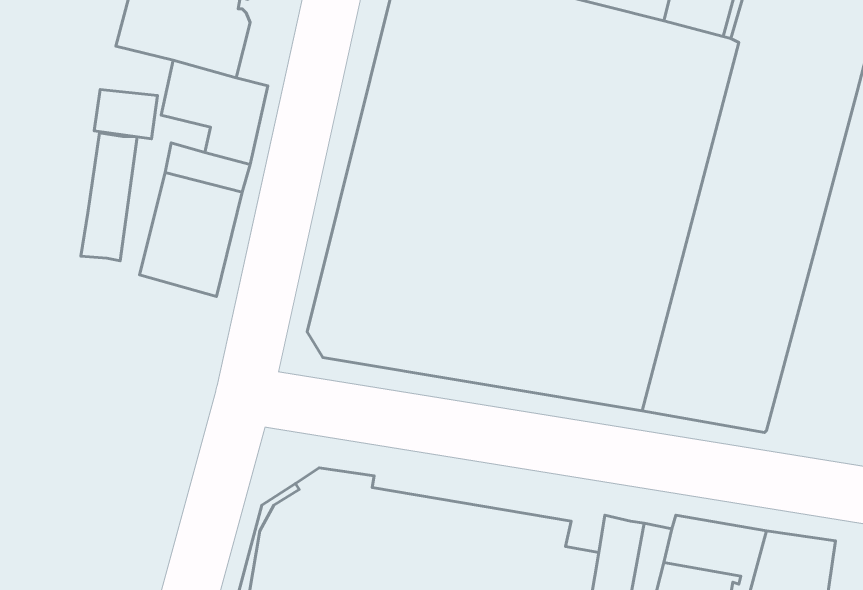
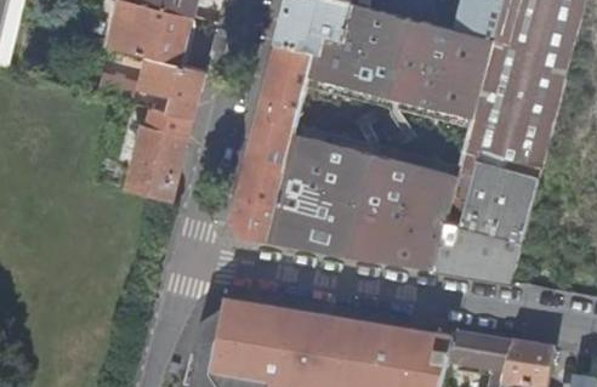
building: [81,133,137,261] -> none

